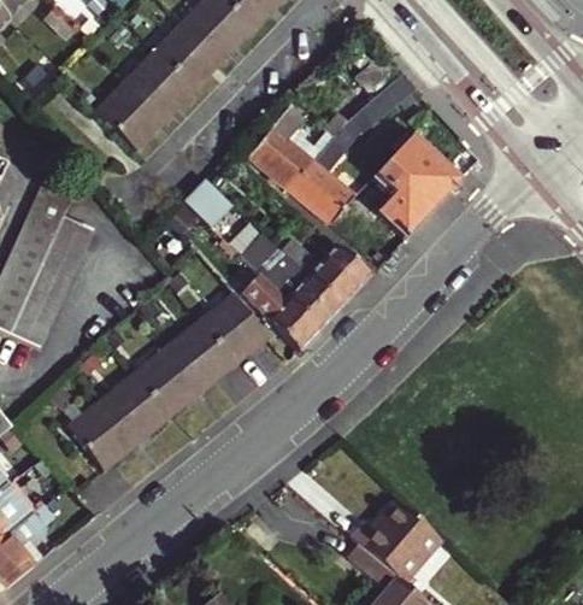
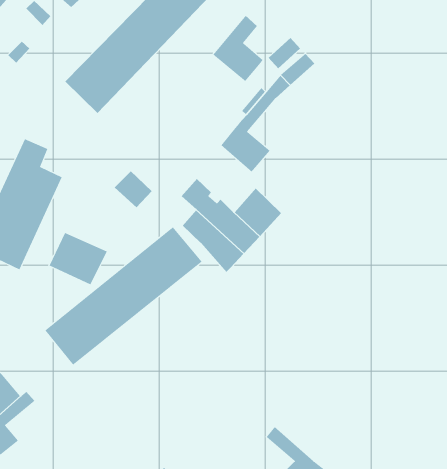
building: [249,104,314,189] -> [212,15,264,82]
building: [371,135,459,239] -> none
building: [182,177,231,225] -> [114,170,153,208]
building: none -> [49,232,107,285]
building: [358,510,447,592] -> none

